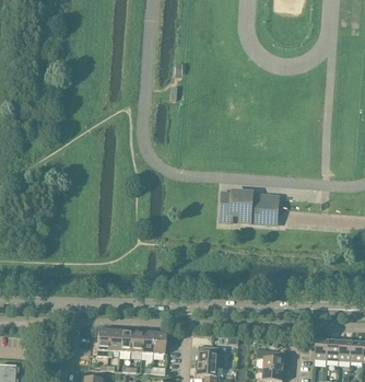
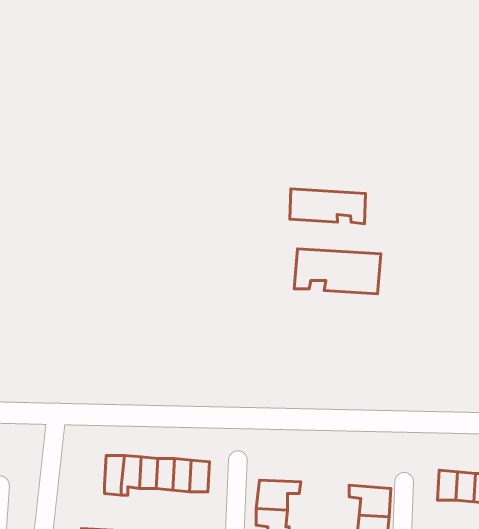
building: none -> [290,189,365,224]

